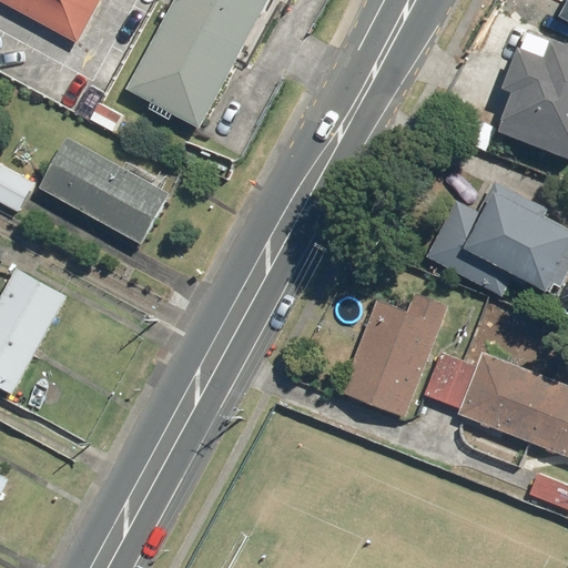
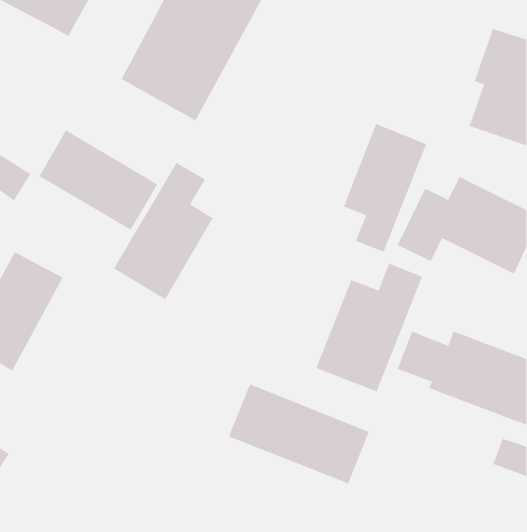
building: none -> [343,123,427,253]
building: none -> [113,162,213,300]
building: none -> [228,383,369,484]

